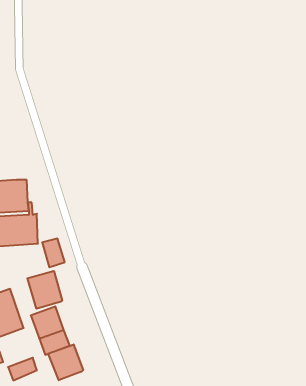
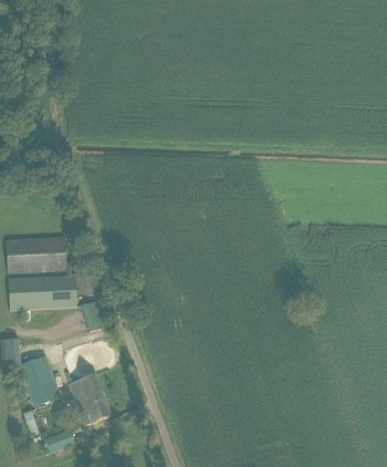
building: [27,271,62,309] -> none
building: [48,344,83,380] -> none

